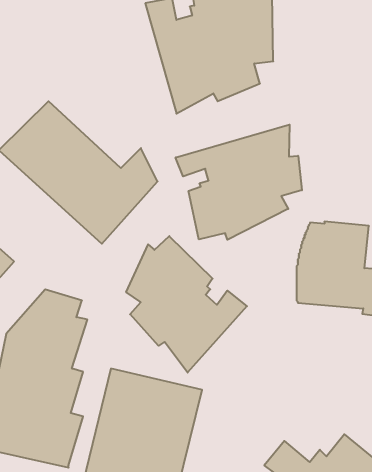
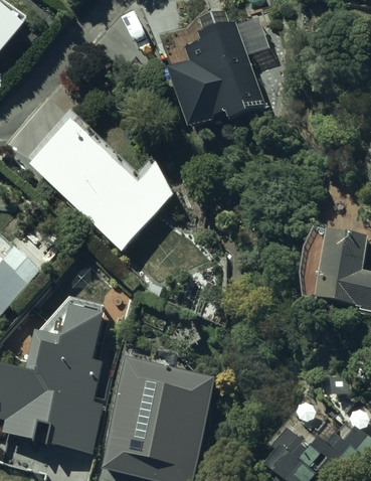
building: [176,125,302,240] -> none
building: [126,236,247,373] -> none

